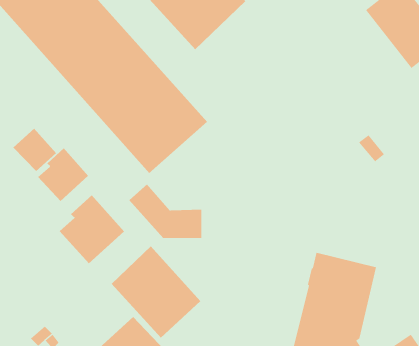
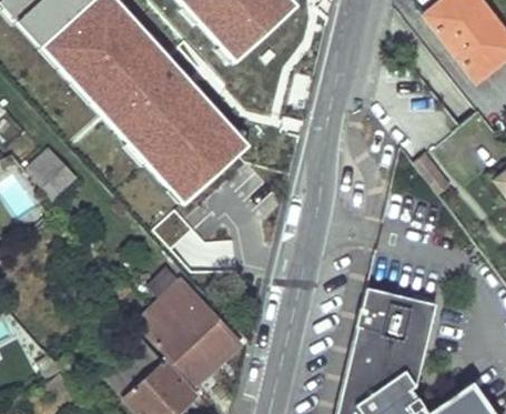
building: [37,148,89,202] -> none
building: [59,194,125,264] -> none

